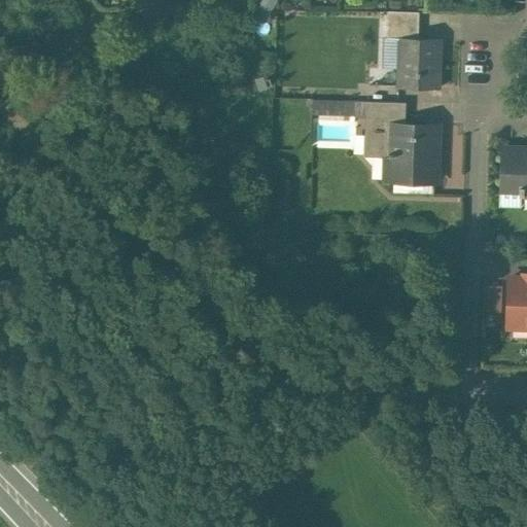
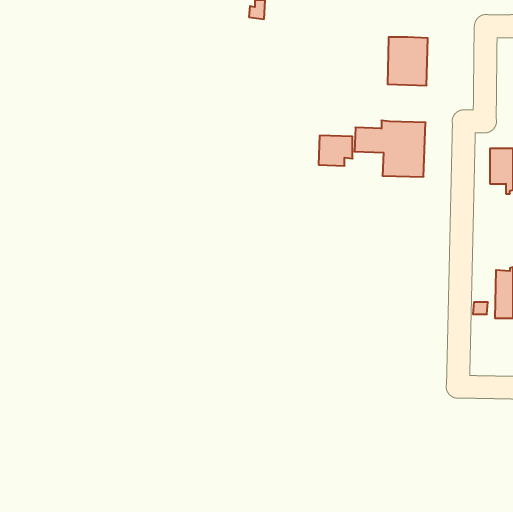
building: [386,11,419,40] -> none
building: [364,102,399,133] -> [319,136,353,166]

